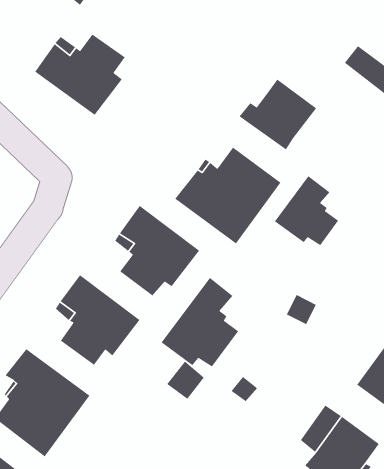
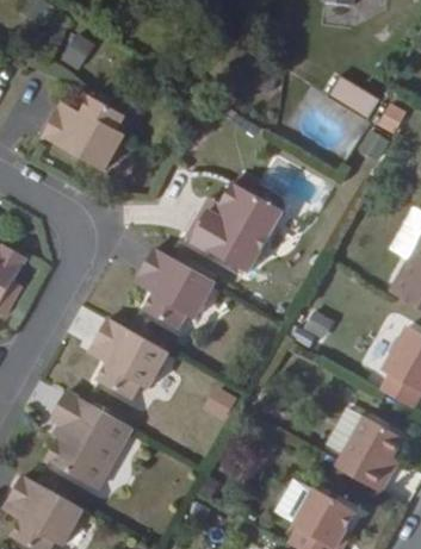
building: [239,78,317,151] -> none
building: [274,175,339,246] -> none
building: [160,277,239,367] -> none

